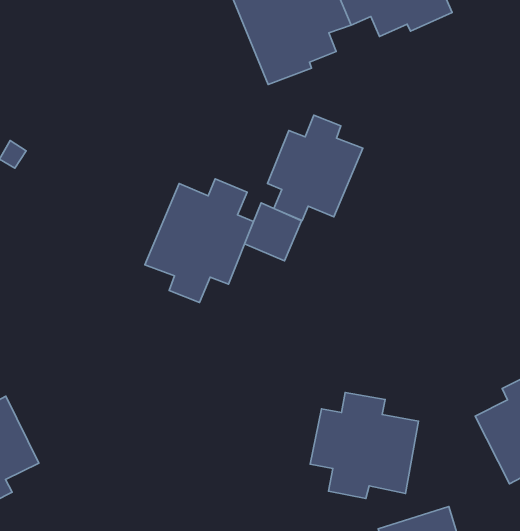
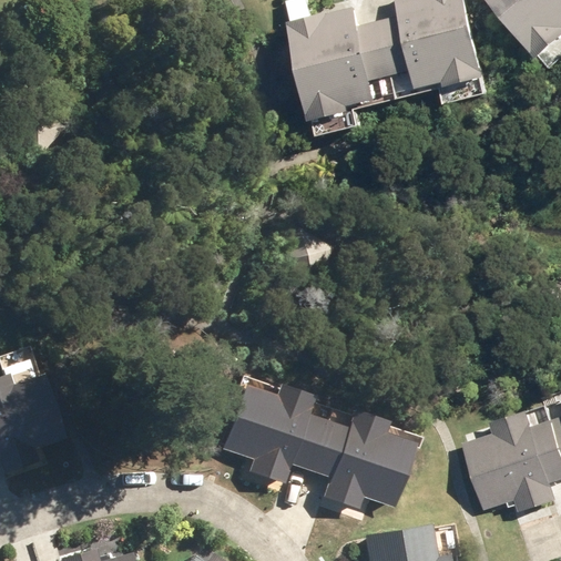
building: [268,115,363,220] -> none
building: [145,179,254,303] -> none
building: none -> [217,385,325,483]

